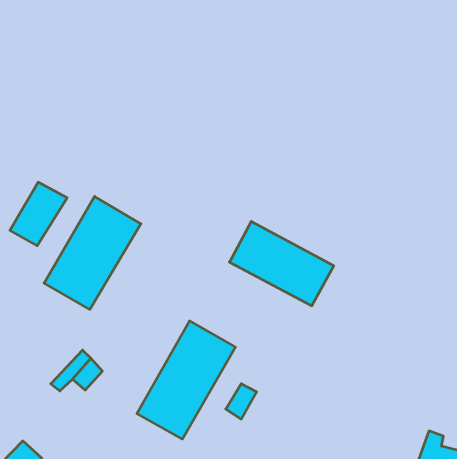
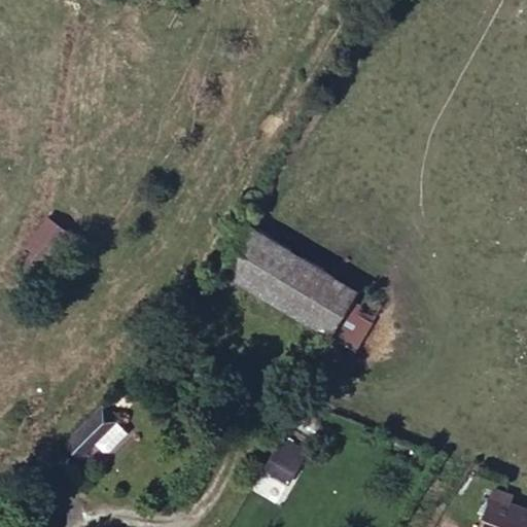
building: [44,196,141,309] -> none
building: none -> [219,232,292,303]
building: [137,321,235,439] -> none

